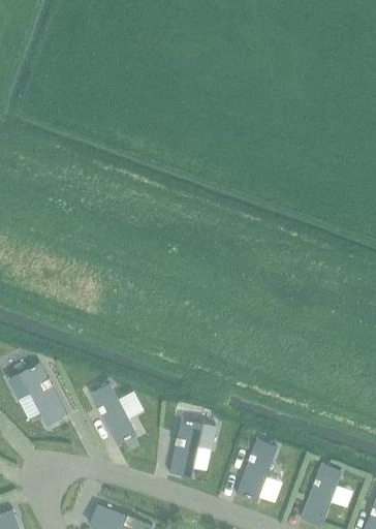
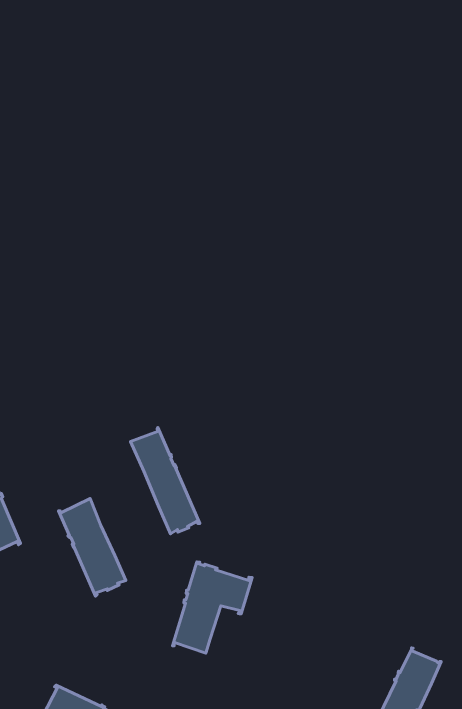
building: none -> [130,428,200,534]
building: [236,438,277,499] -> none

